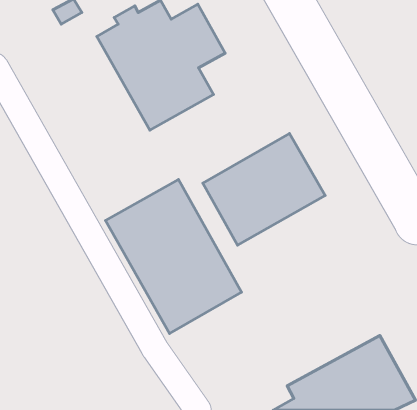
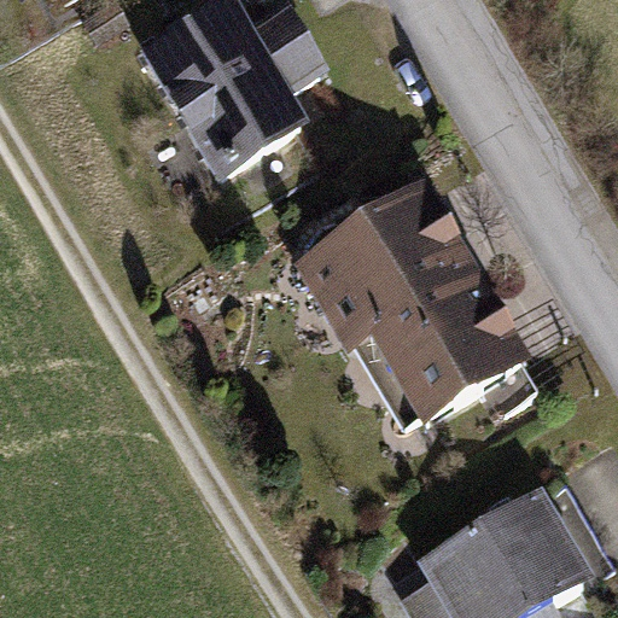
building: [105,179,242,334] -> none
building: none -> [346,285,535,448]

